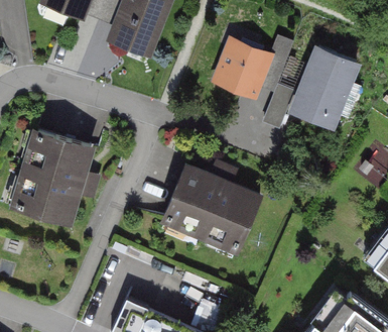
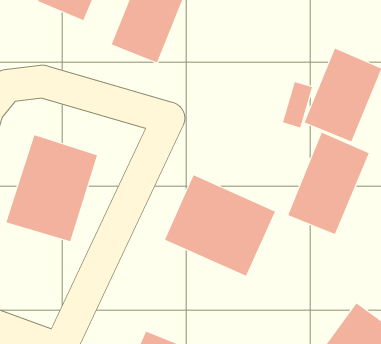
building: [213,36,273,101] -> none
building: none -> [287,132,369,235]

